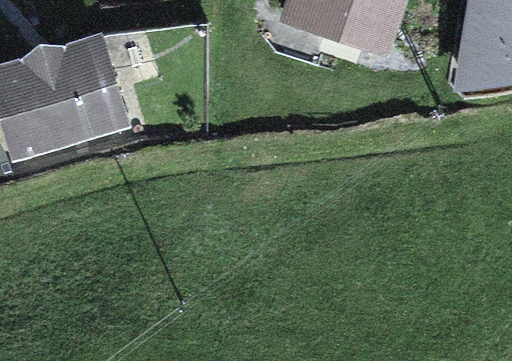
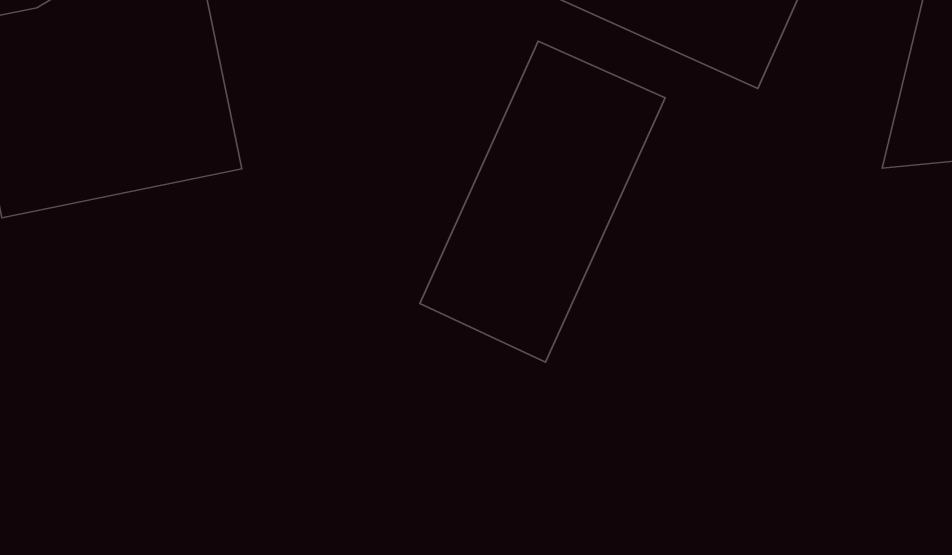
building: none -> [420,41,665,362]

